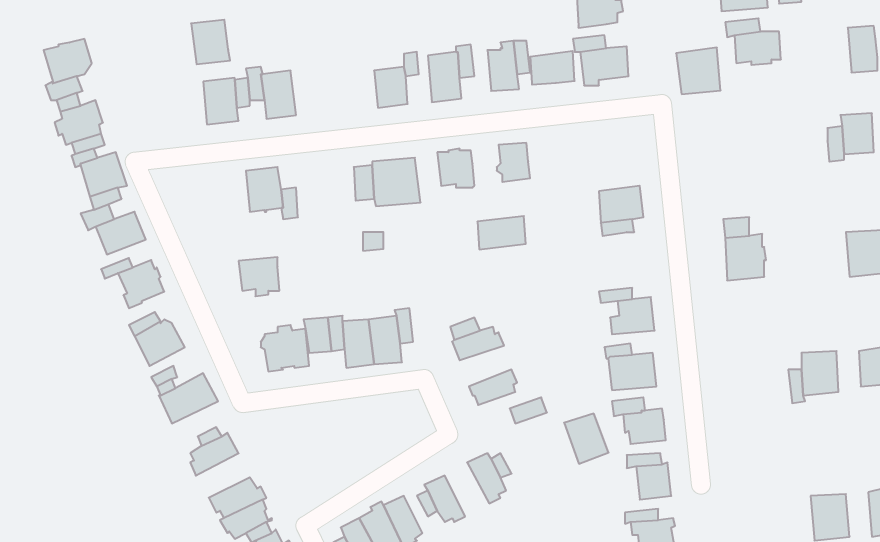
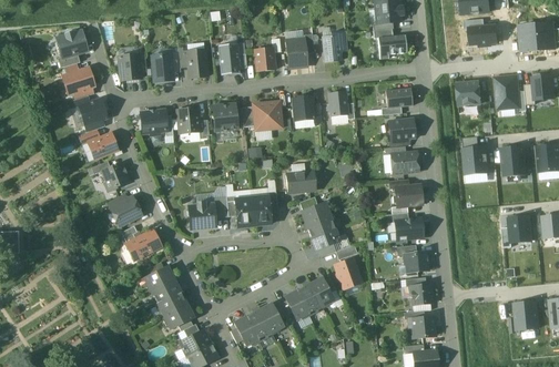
building: [191,20,230,64] -> [118,53,141,80]
building: none -> [519,23,539,51]
building: [676,48,721,94] -> [455,79,481,106]
building: [530,51,575,85] -> [385,88,411,108]
building: none -> [217,43,240,74]
building: none -> [495,75,519,110]
building: none -> [212,103,237,131]
building: [477,216,526,249] -> [286,172,315,192]
building: none -> [501,145,526,176]
building: none -> [390,151,418,173]
building: [239,257,279,296] -> [141,110,165,133]
building: none -> [302,213,336,237]
building: [564,414,609,464] -> [334,258,360,288]
building: none -> [150,276,180,304]
building: none -> [296,281,323,315]

